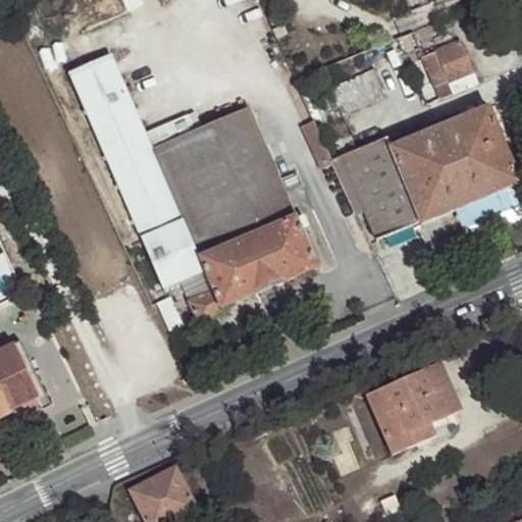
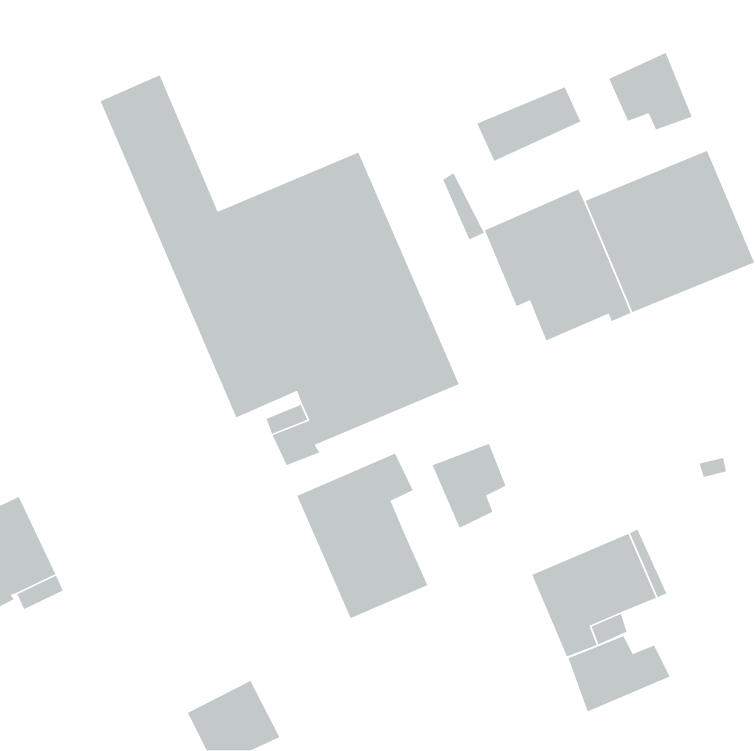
building: none -> [432,443,506,529]
building: none -> [296,452,428,619]
building: none -> [568,635,671,713]

